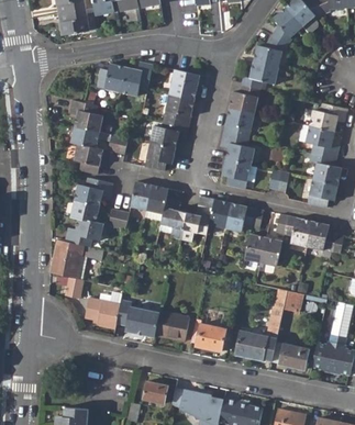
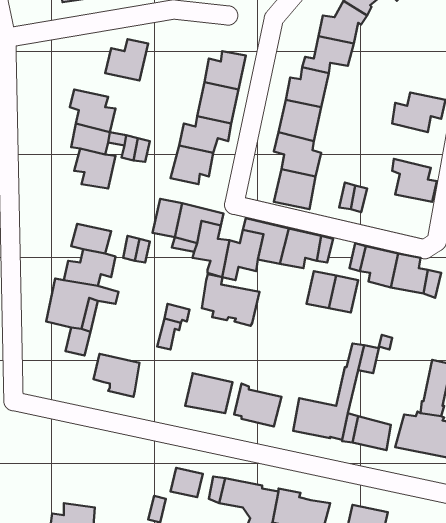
building: [120,61,153,97] -> none
building: [303,125,340,158] -> none
building: [74,176,103,205] -> none
building: [306,178,337,208] -> none
building: [117,299,159,337] -> [202,274,260,326]

